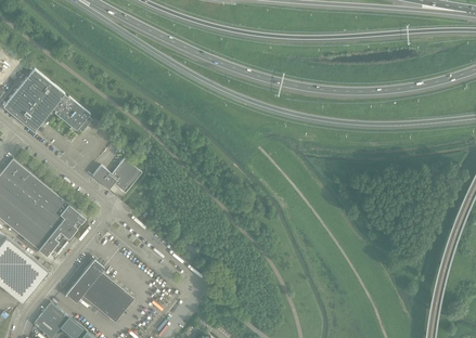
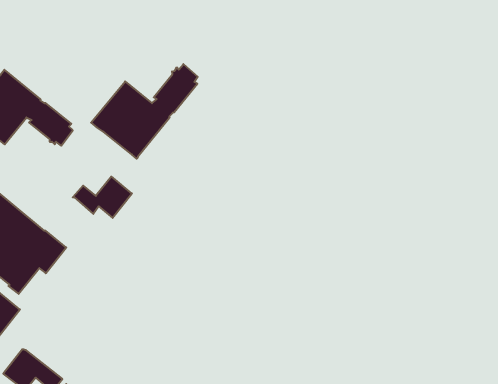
building: none -> [91,64,198,159]
building: [64,260,132,322] -> none

